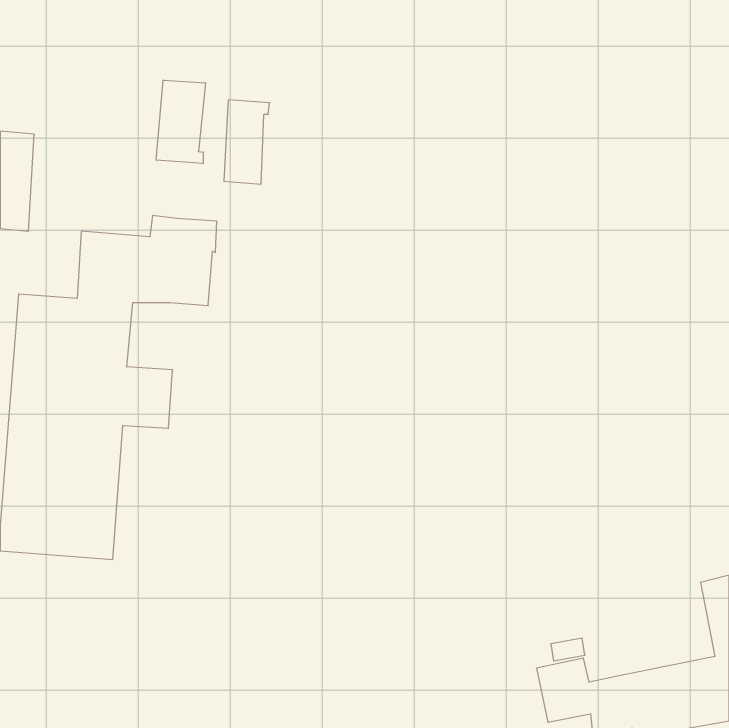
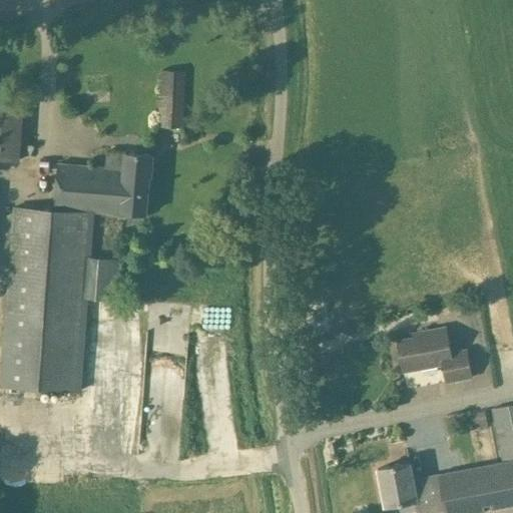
building: [156,80,205,164] -> none
building: none -> [396,329,470,383]

